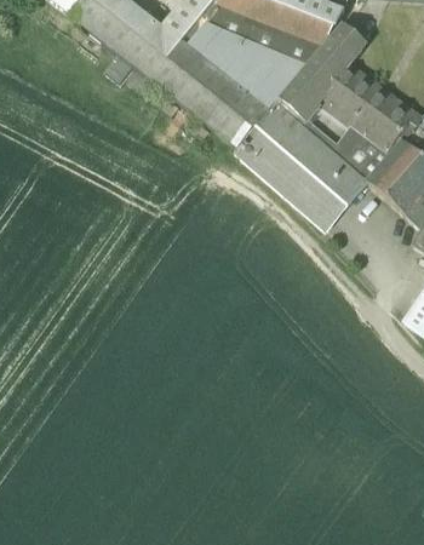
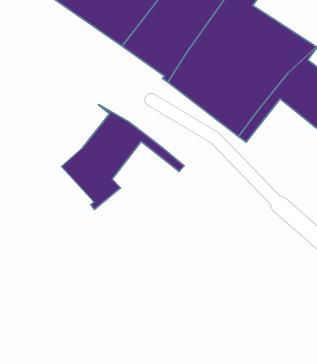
building: none -> [62,105,184,209]

